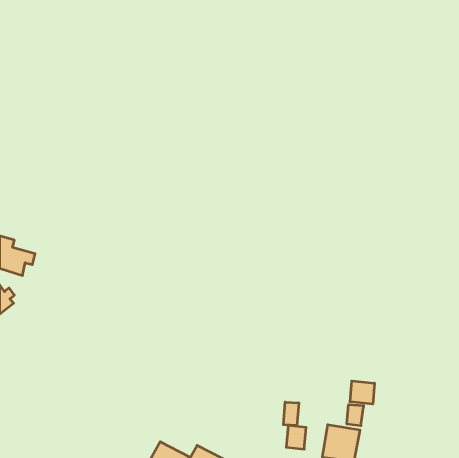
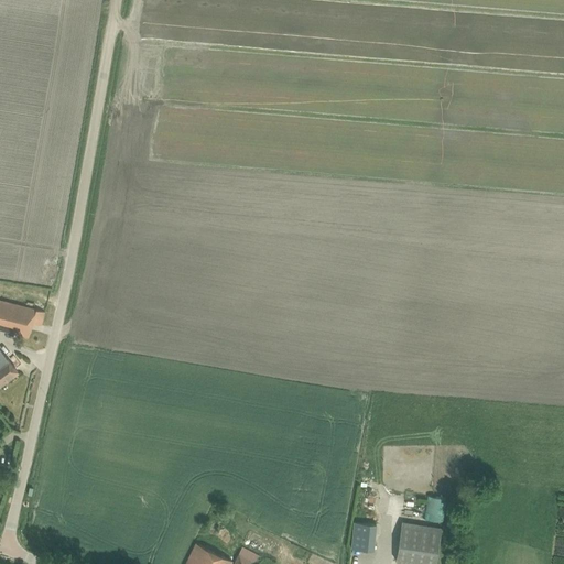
building: [350,381,374,404] -> none
building: [283,402,299,426] -> none

